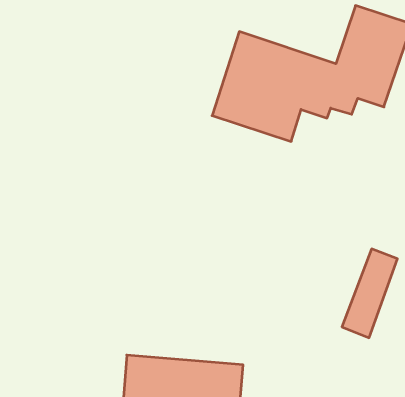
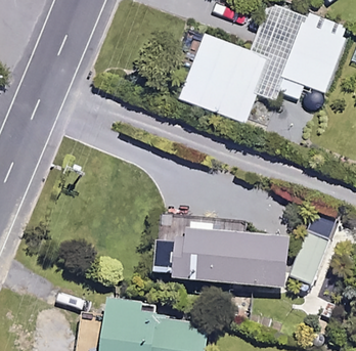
building: none -> [154,229,290,289]

